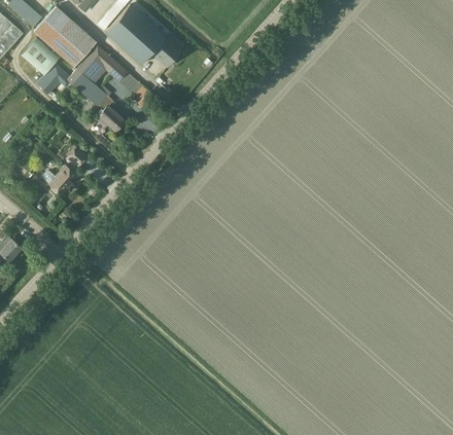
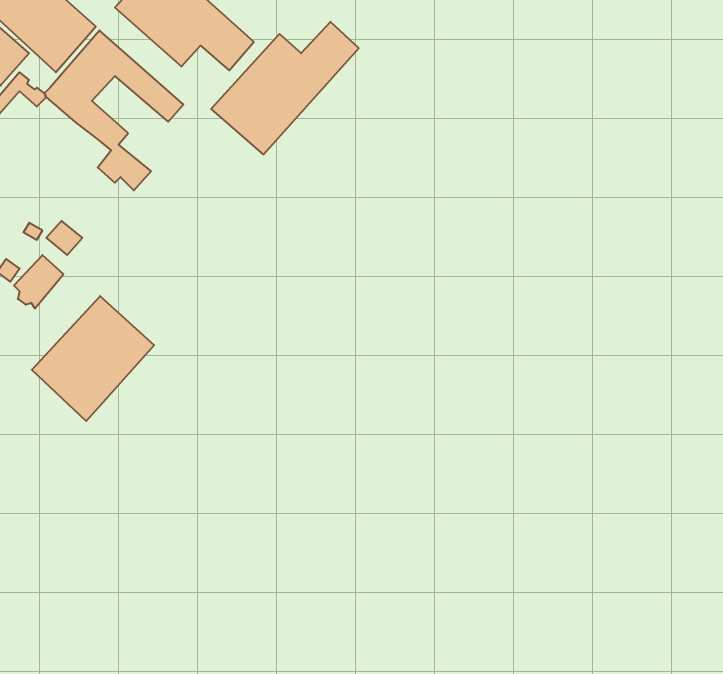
building: none -> [211,22,359,154]
building: none -> [32,296,154,421]

